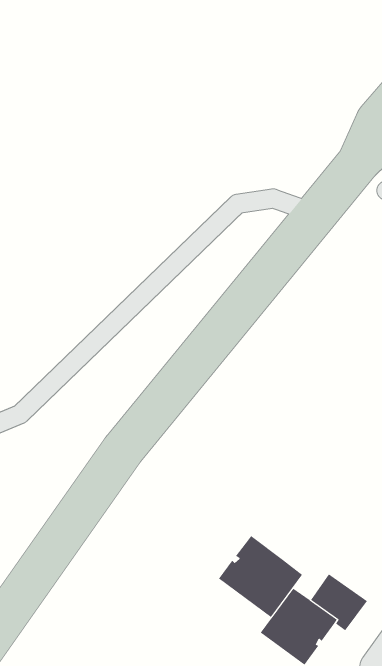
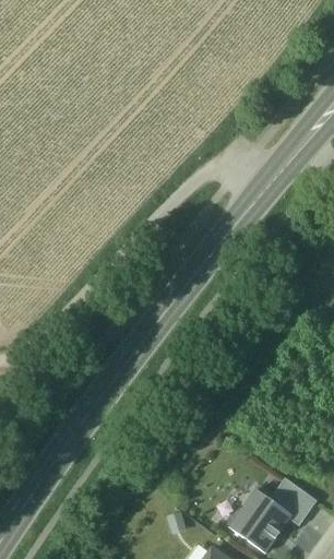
building: [218,535,303,618] -> none

